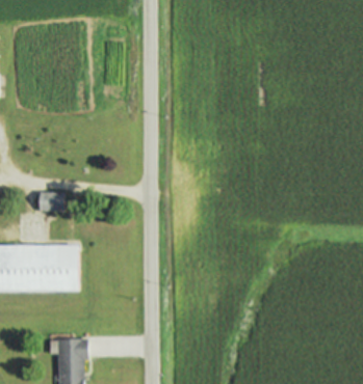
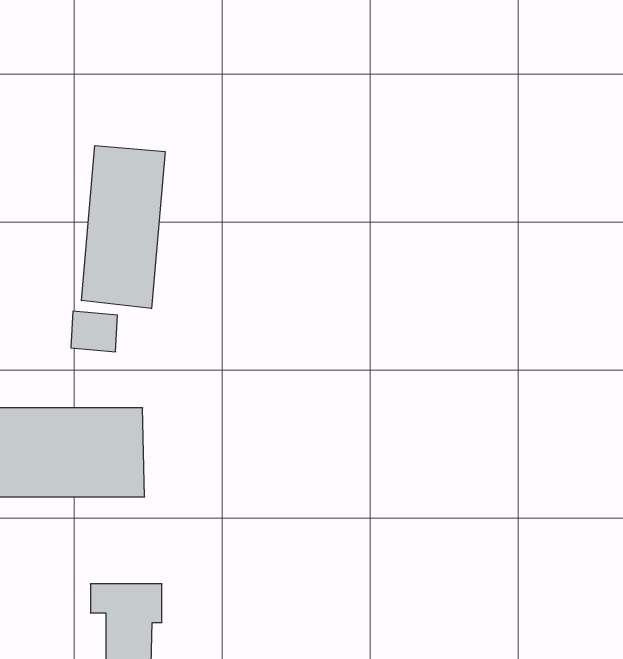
building: none -> [81,146,165,309]

